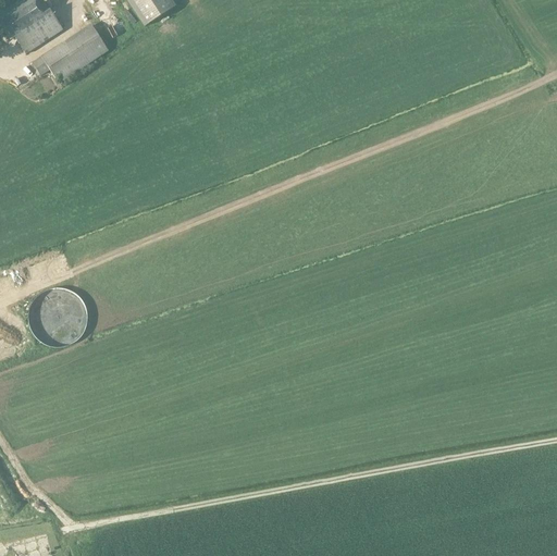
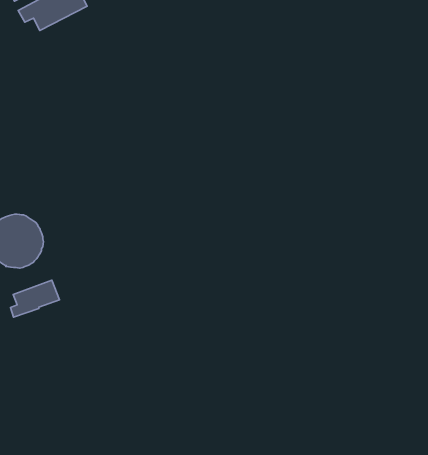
building: none -> [10,280,59,317]

